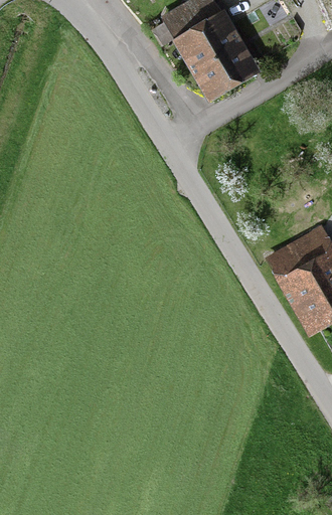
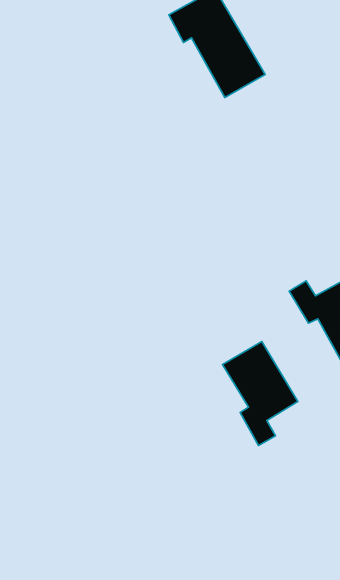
building: none -> [222,342,298,445]

